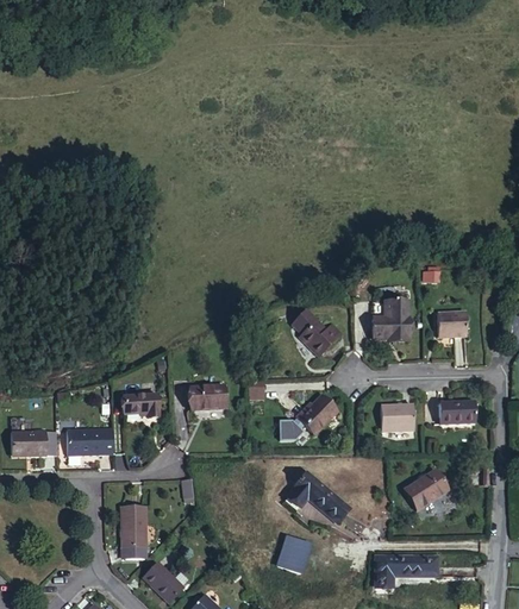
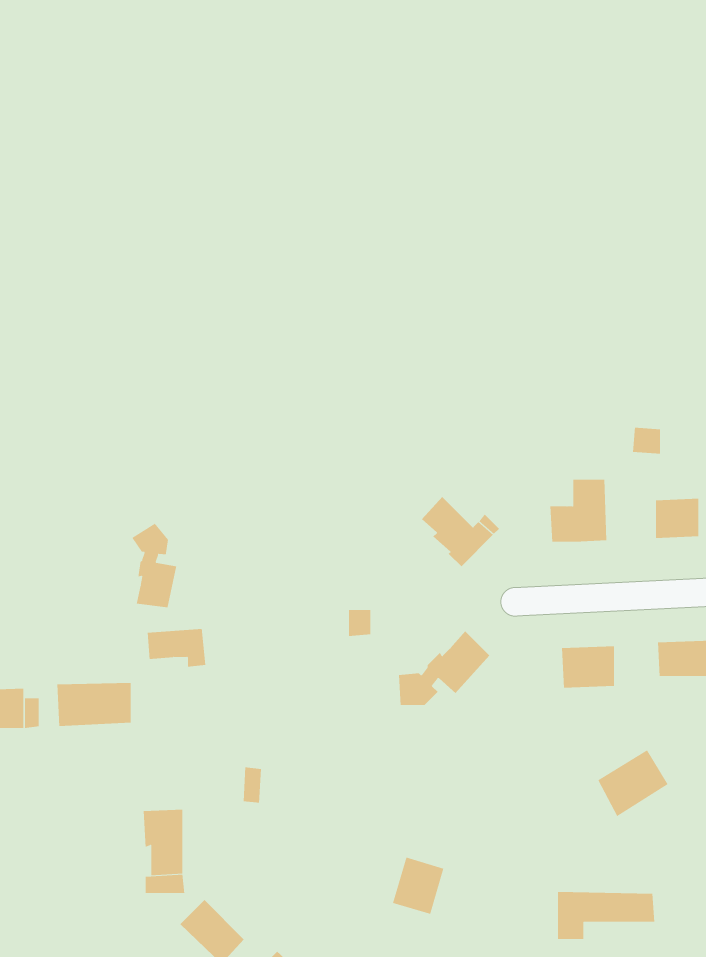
building: none -> [132,523,177,608]
building: [189,385,225,410] -> none
building: [286,471,348,521] -> none

